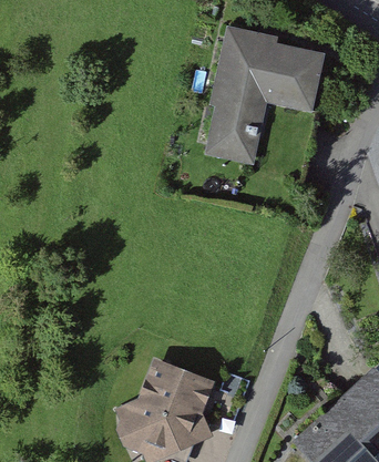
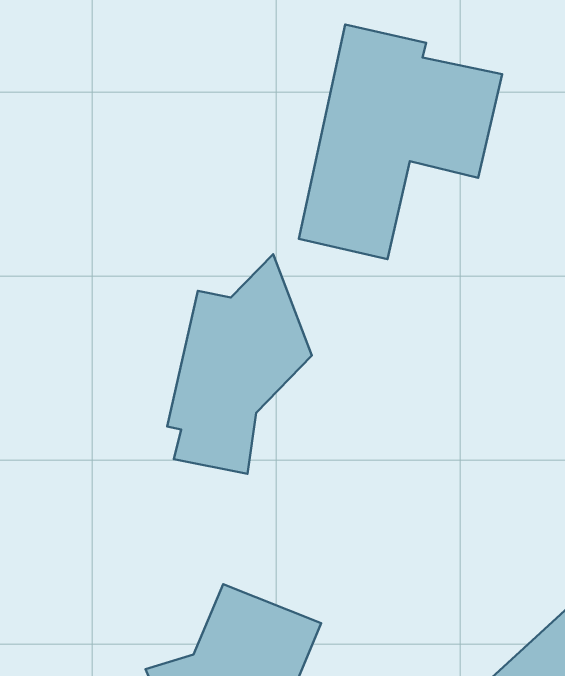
building: none -> [167,254,312,474]

